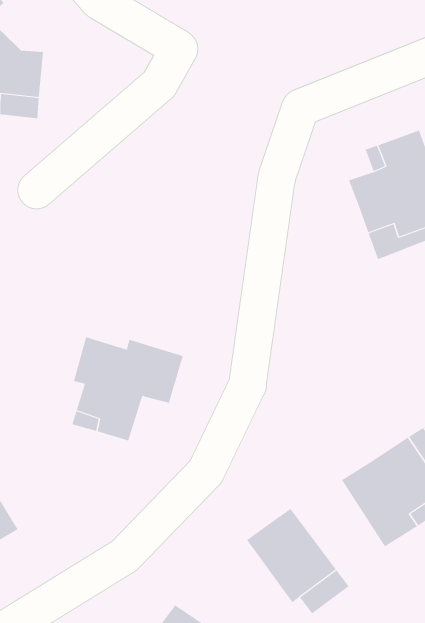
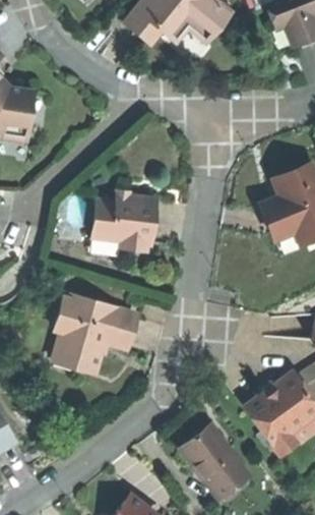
building: none -> [90,190,155,252]

